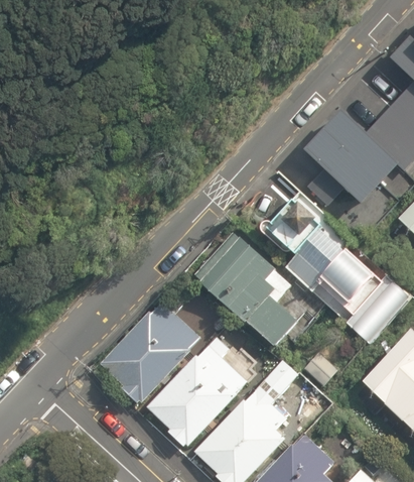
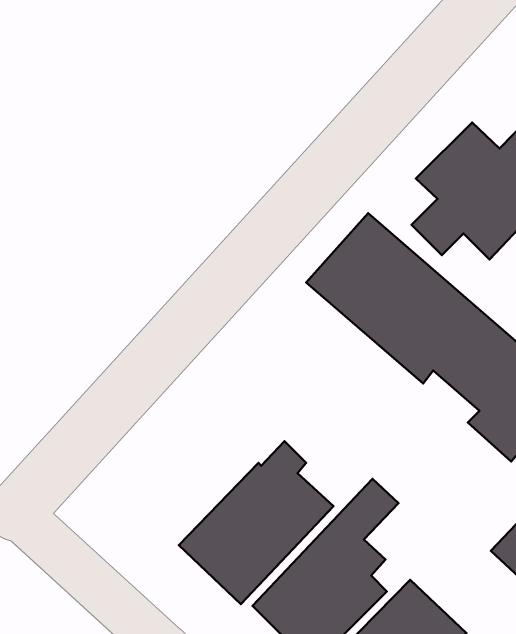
building: [190,228,317,349] -> none
building: [98,304,204,406] -> none

